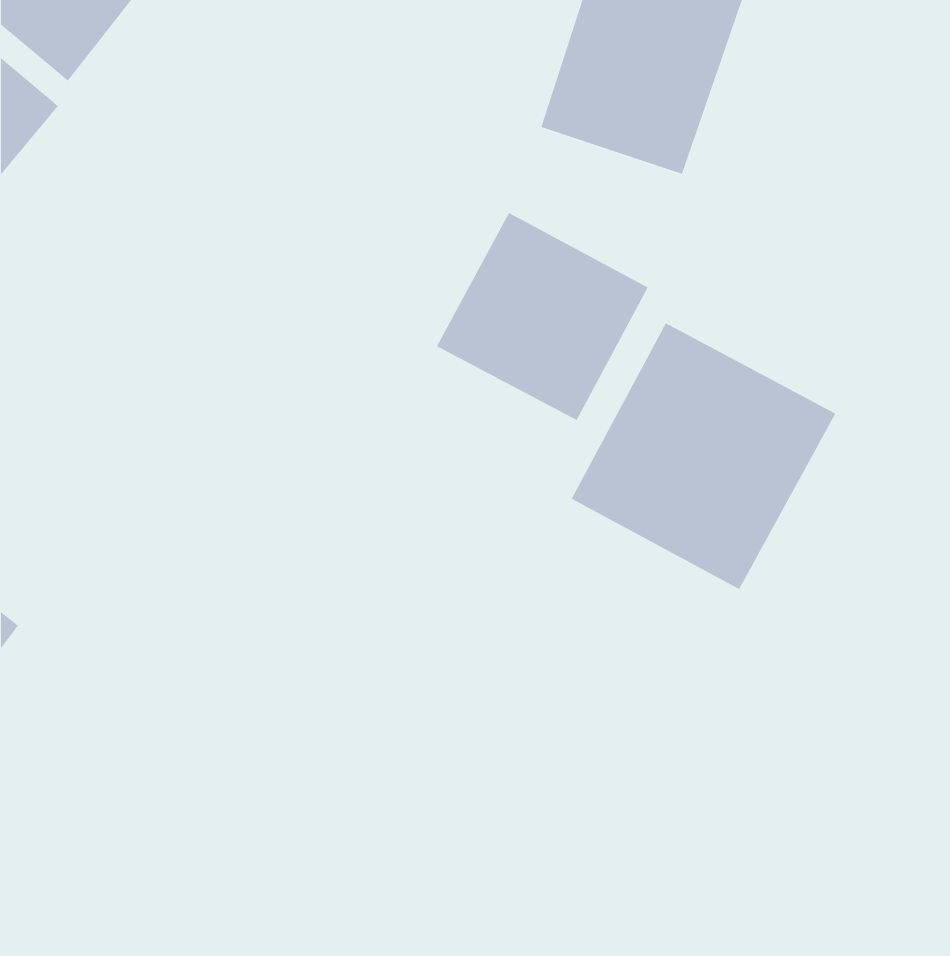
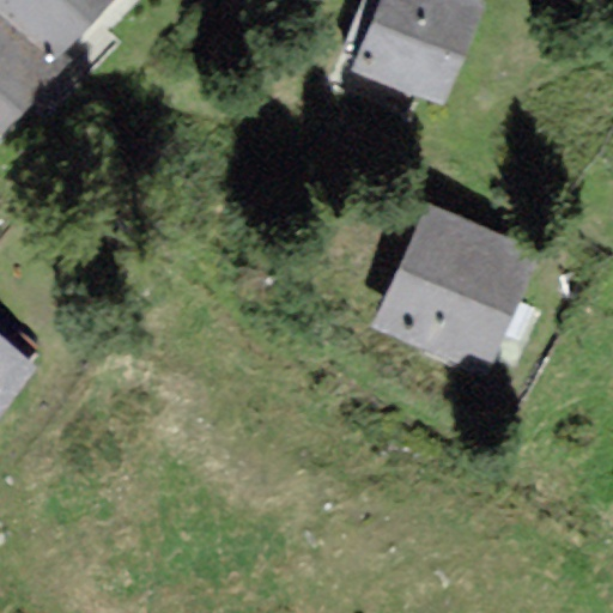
building: [436,212,648,421] -> none

